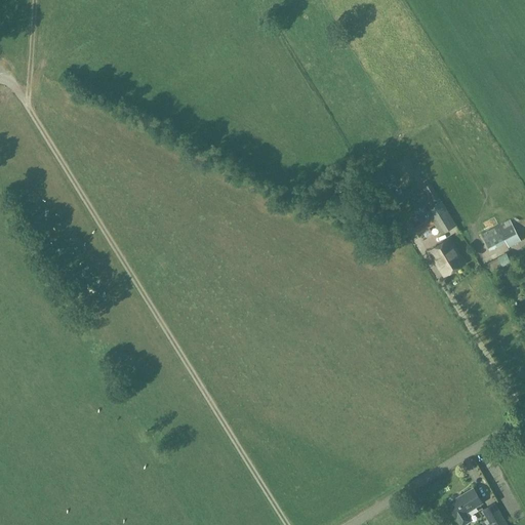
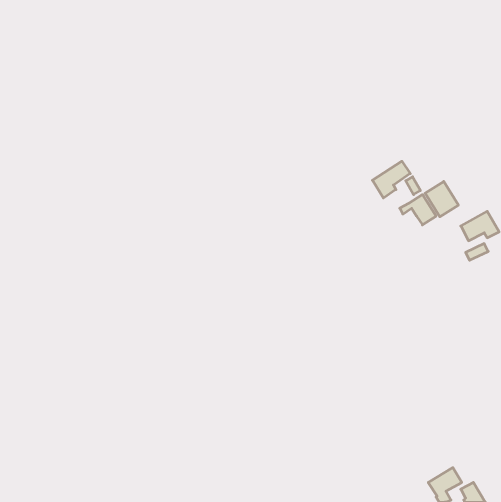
building: none -> [372,161,410,198]
building: [429,239,463,276] -> [425,181,458,217]

